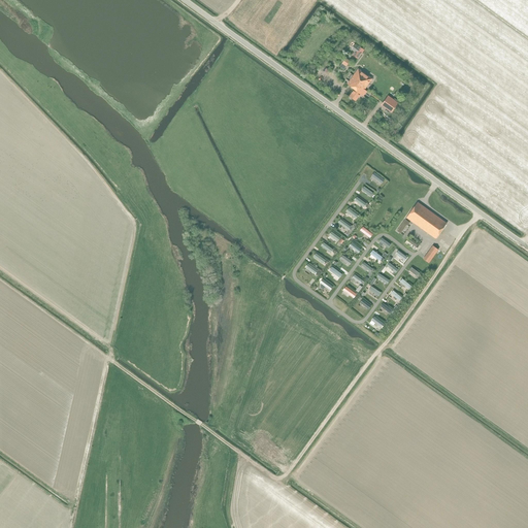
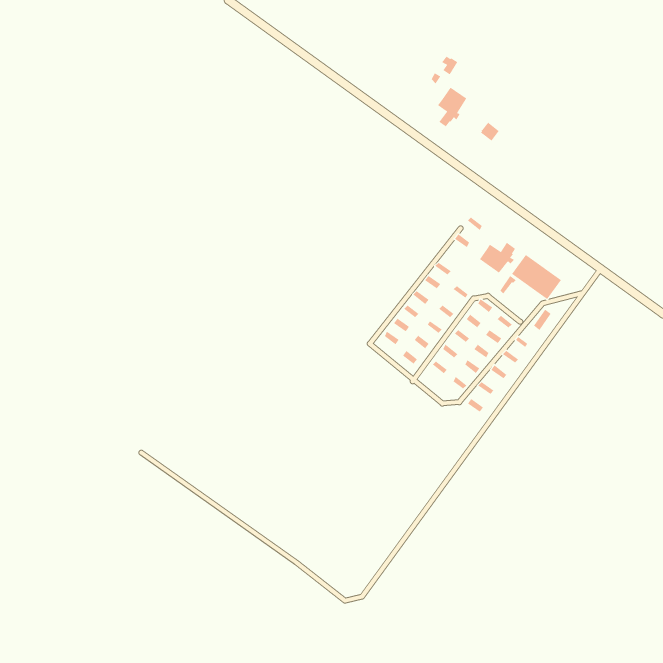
building: none -> [479,242,516,274]

